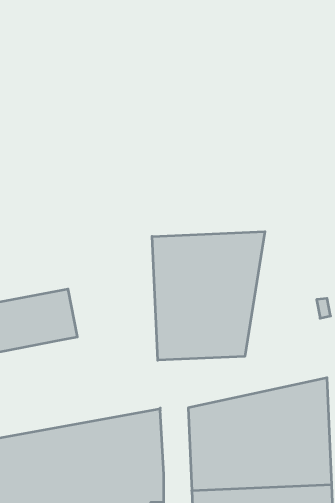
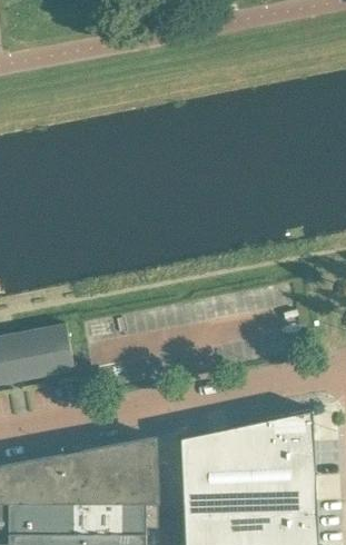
building: [152,232,265,360] -> none

